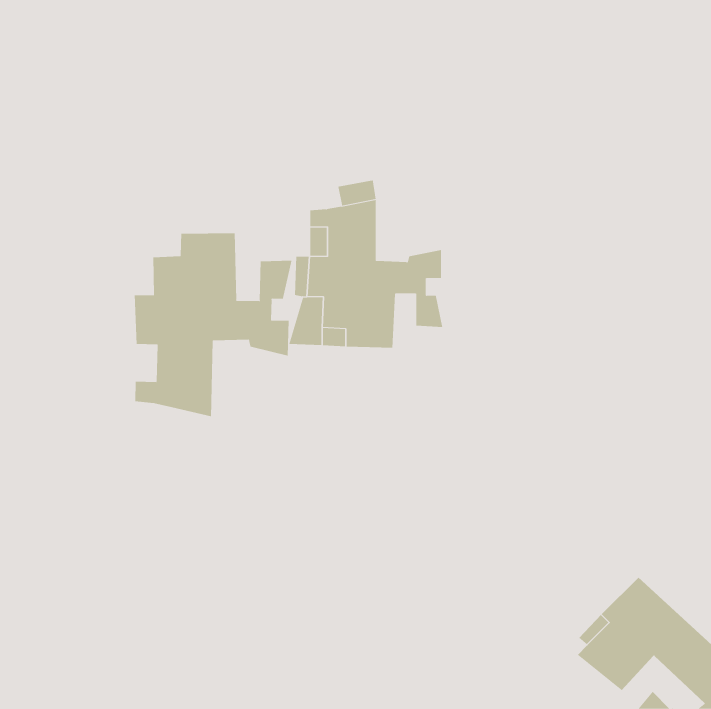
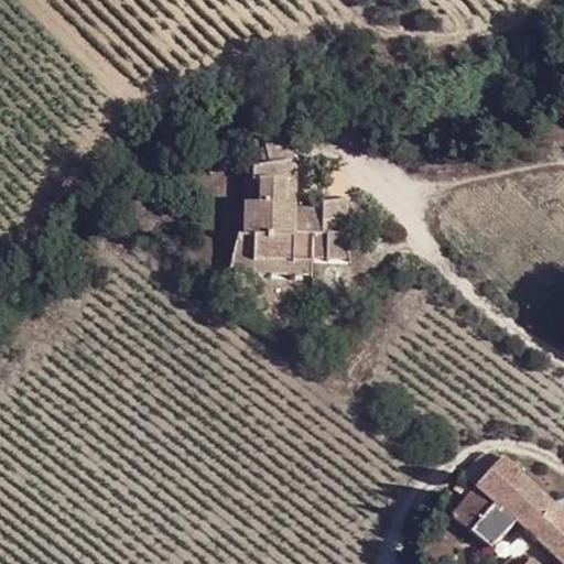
building: [134,233,292,417] -> none

